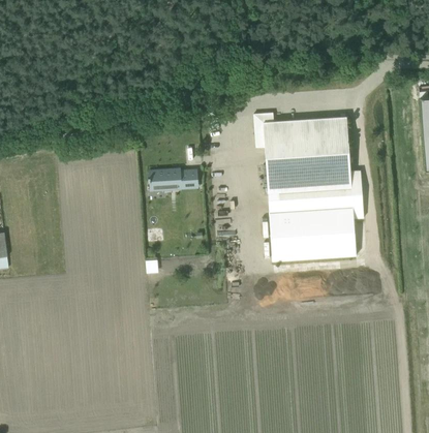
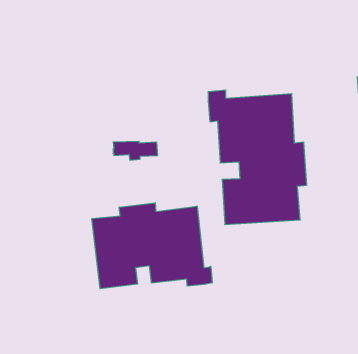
building: none -> [92,203,212,289]

